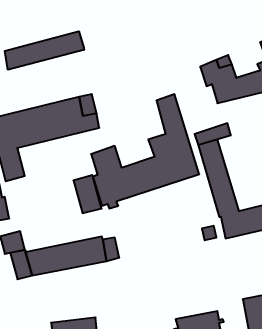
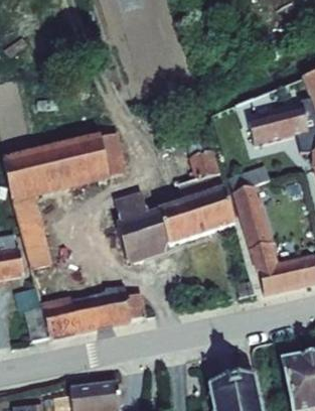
building: [5,31,84,70] -> none
building: [73,175,102,213] -> [20,225,51,267]

